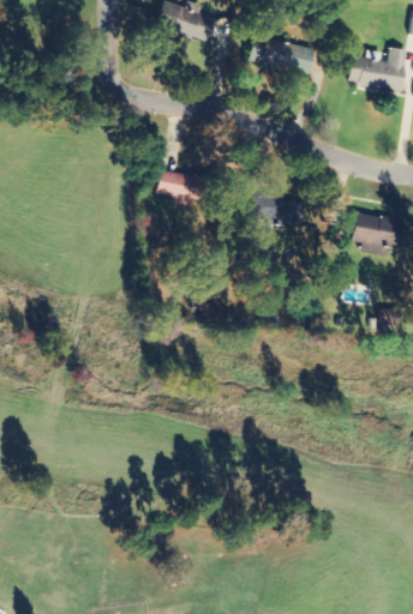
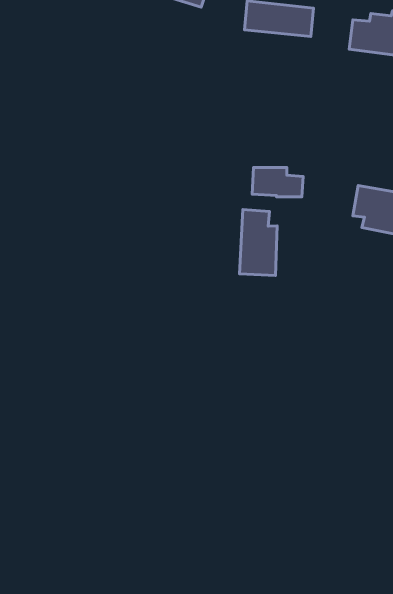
building: [156,170,194,200] -> none
building: none -> [240,210,277,276]

